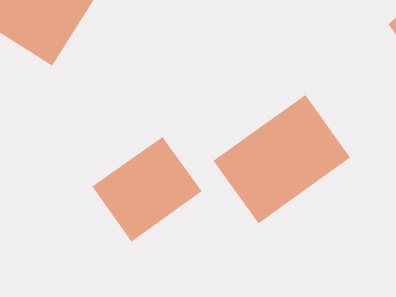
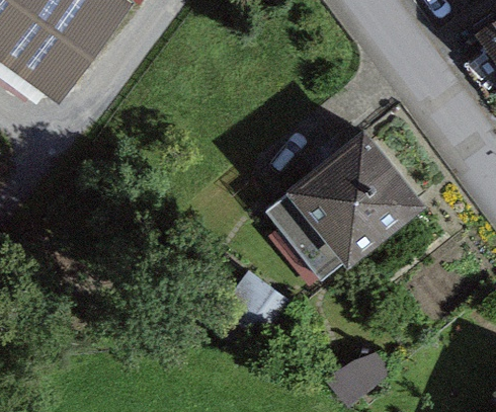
building: [92,136,202,242] -> none

